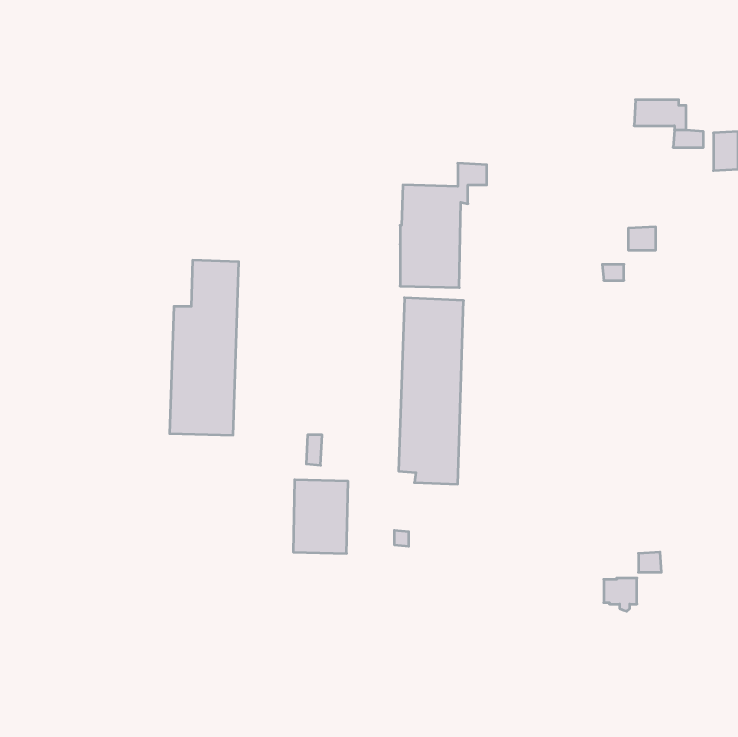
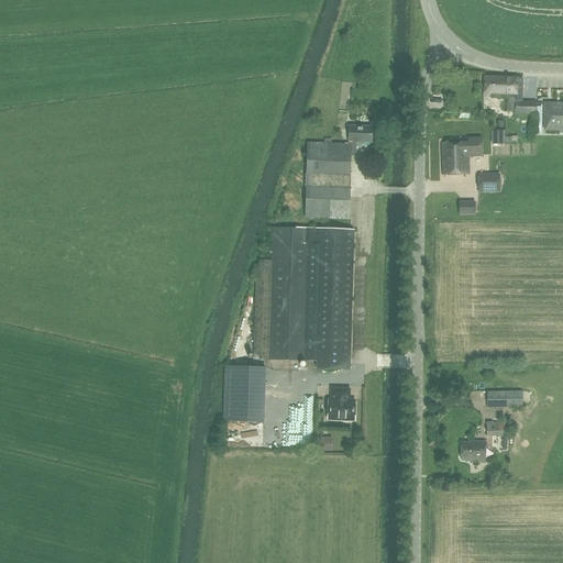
building: none -> [441,136,482,174]
building: [170,260,239,435] -> [255,225,308,358]
building: none -> [327,387,354,420]
building: none -> [486,390,522,406]

